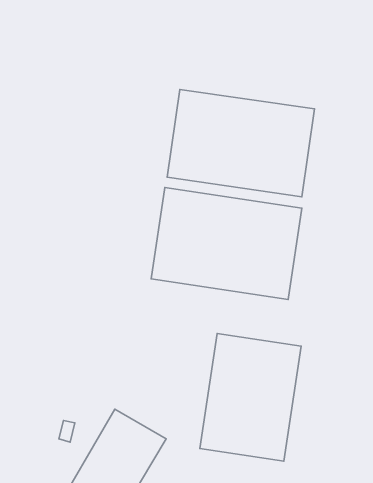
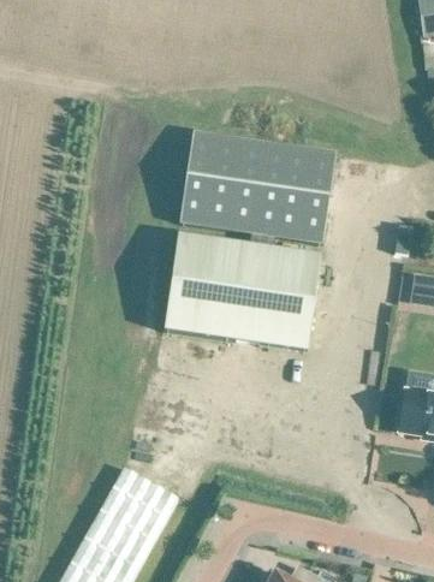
building: [200,334,301,461] -> none

